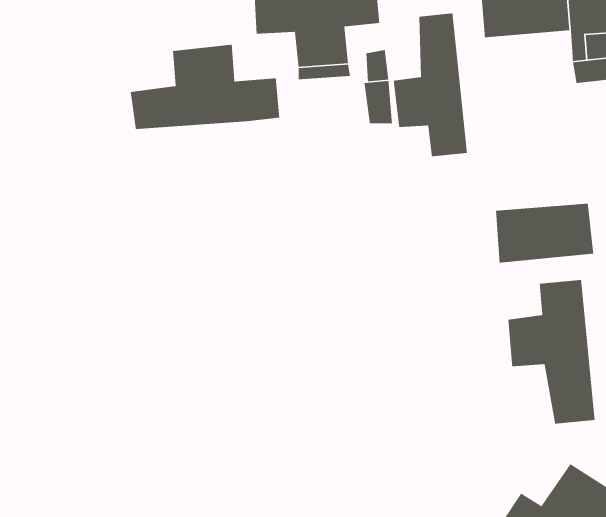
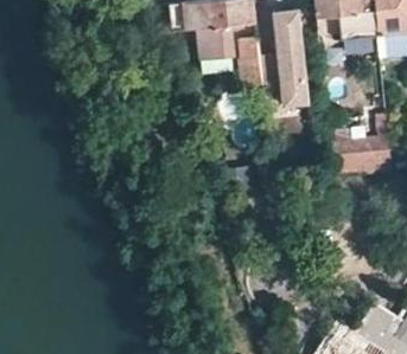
building: [130,44,280,130] -> none
building: [507,279,595,424] -> none

